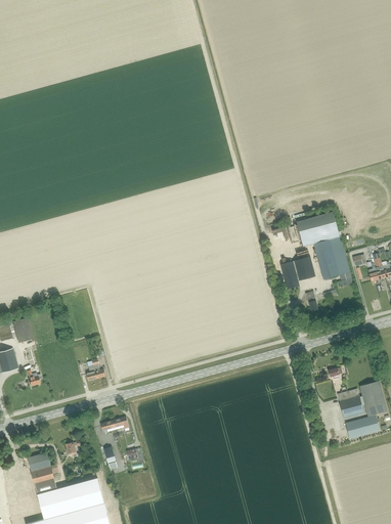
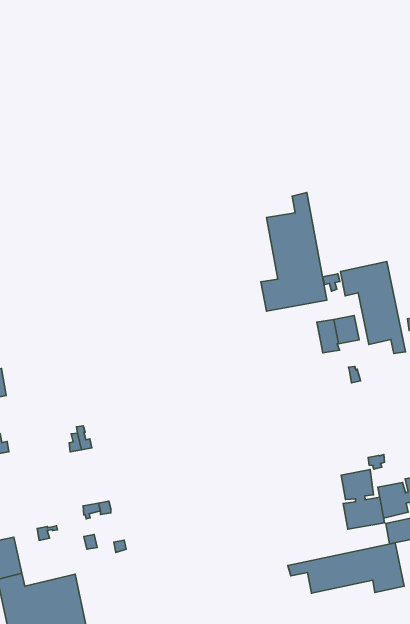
building: none -> [261,193,327,311]
building: none -> [341,470,384,529]
building: none -> [288,543,404,593]

